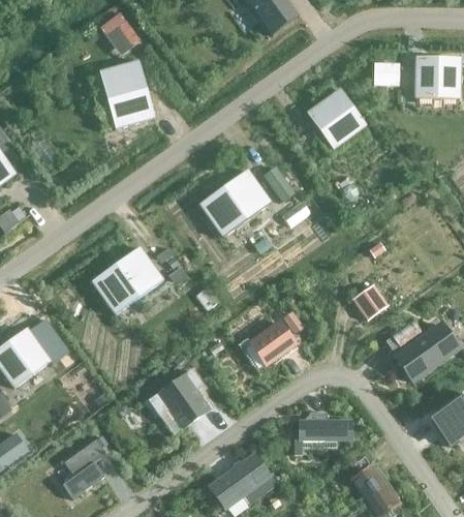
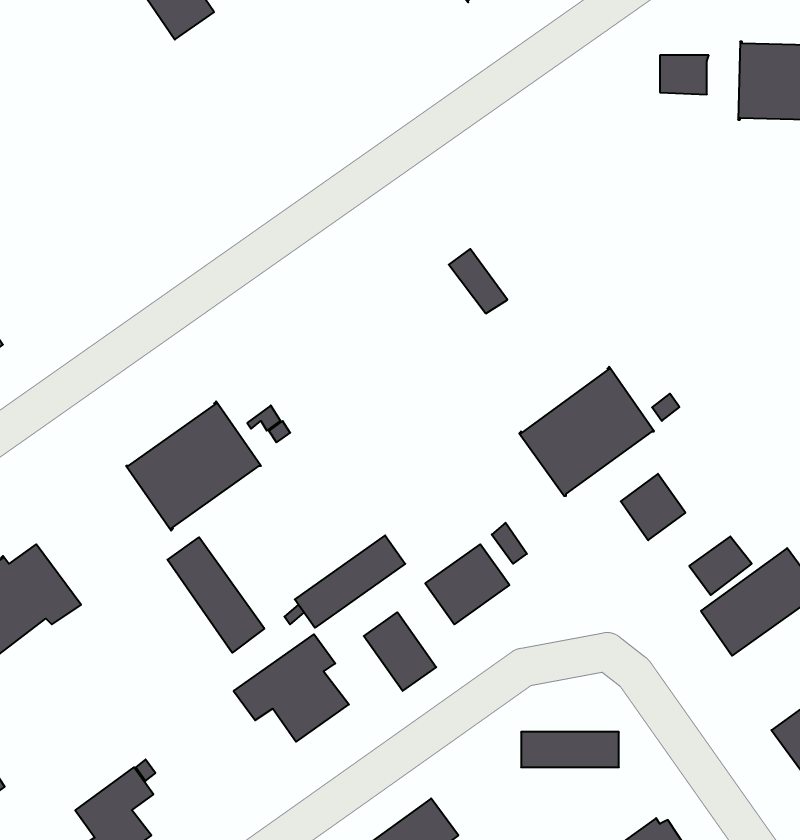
building: [98,60,154,128] -> none
building: [306,89,365,149] -> none
building: [198,169,270,237] -> [519,367,654,496]
building: none -> [295,535,405,628]
building: none -> [167,537,264,653]
building: none -> [364,612,436,691]

